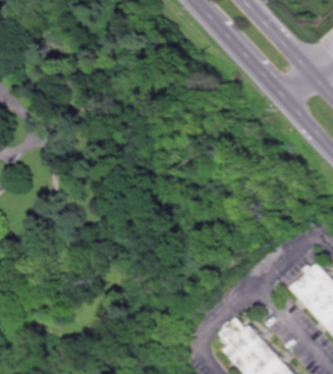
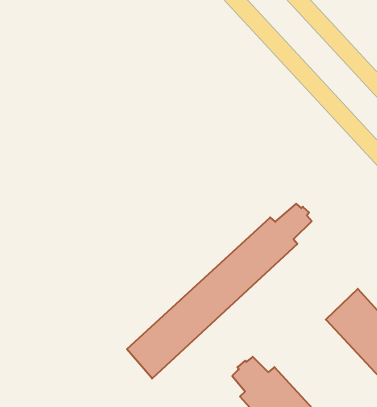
building: none -> [127,204,312,379]

